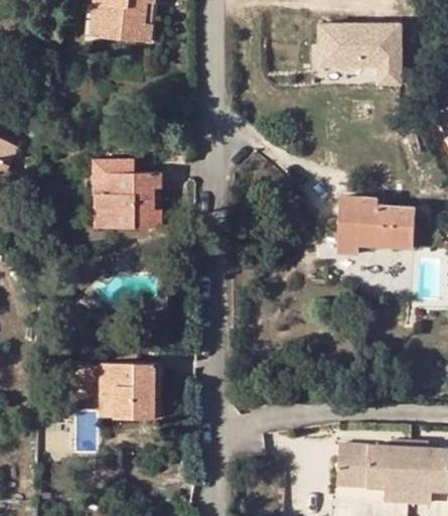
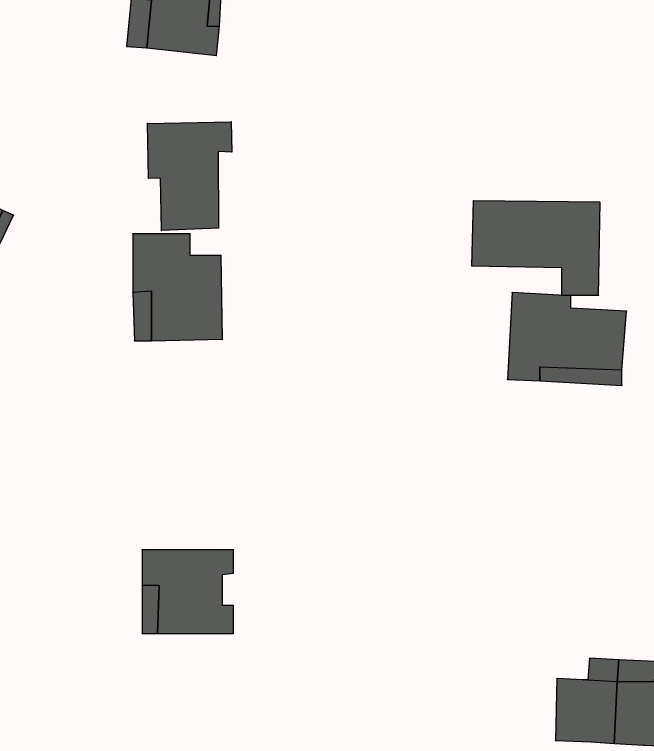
building: [318,26,402,88] -> [472,201,600,295]
building: none -> [147,122,232,231]
building: [338,445,370,487] -> none

